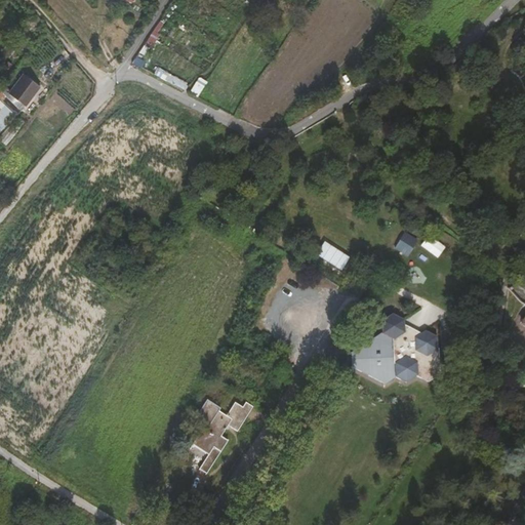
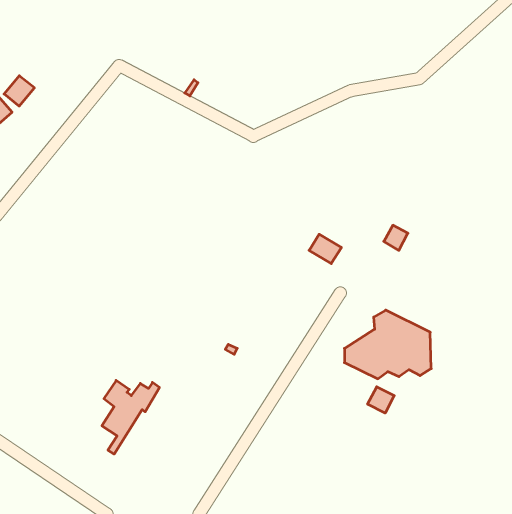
building: none -> [368,387,394,413]
building: [194,399,252,474] -> [102,380,159,454]

